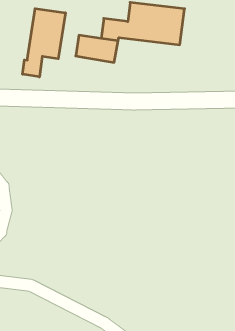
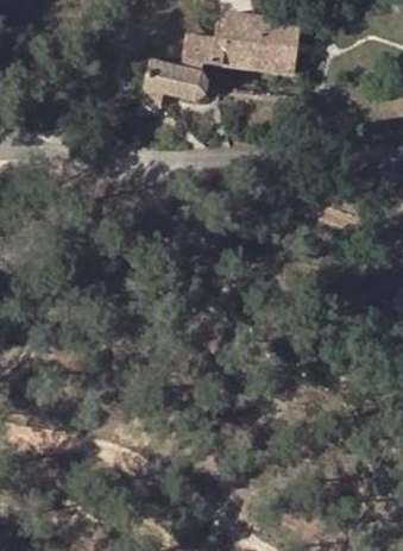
building: [23,9,65,77] -> none

